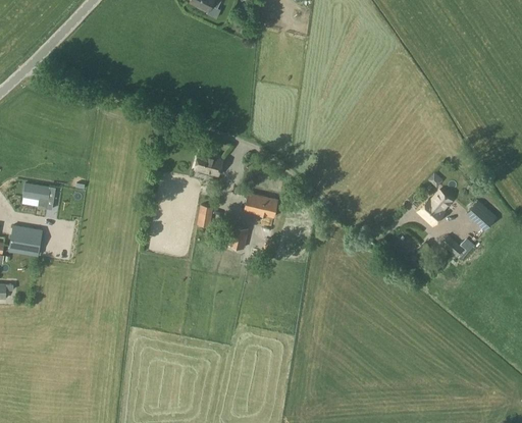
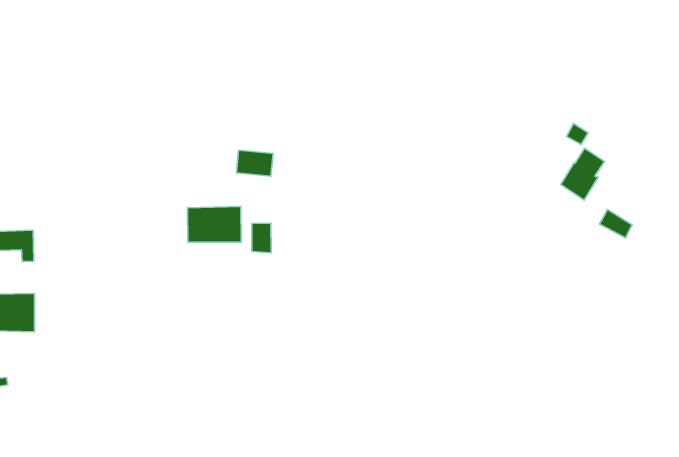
building: none -> [187,207,241,242]
building: [244,192,279,218] -> none
building: [468,200,498,228] -> none

